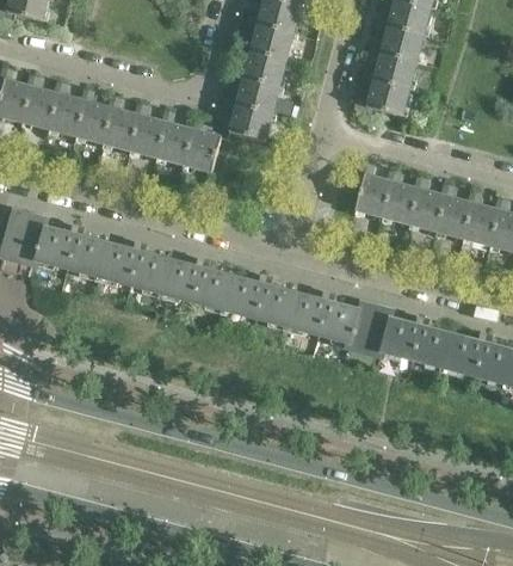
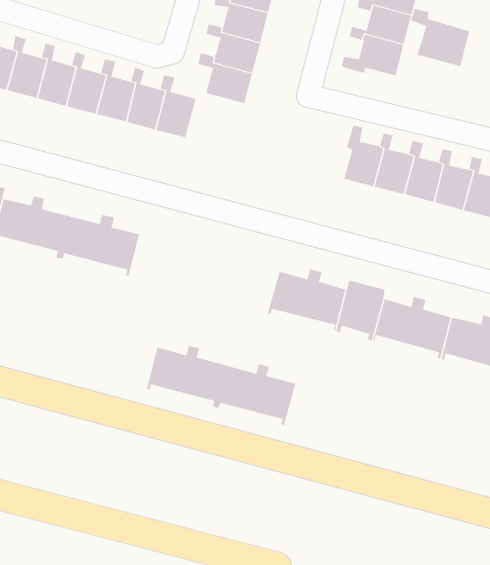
building: none -> [410,8,470,67]
building: [161,258,297,331] -> [146,345,296,426]

